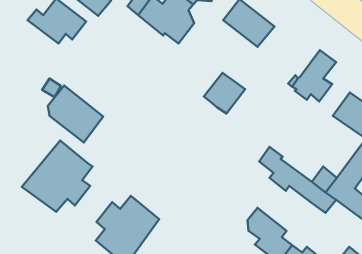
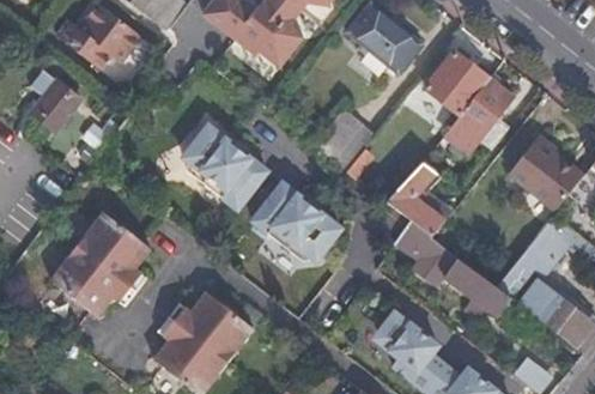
building: none -> [423,50,487,116]
building: none -> [30,72,78,129]
building: [48,86,103,143] -> [186,126,267,210]
building: none -> [389,162,454,235]
building: none -> [254,183,341,260]

